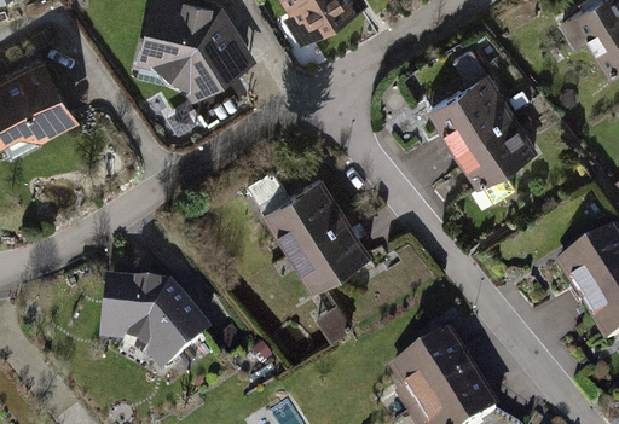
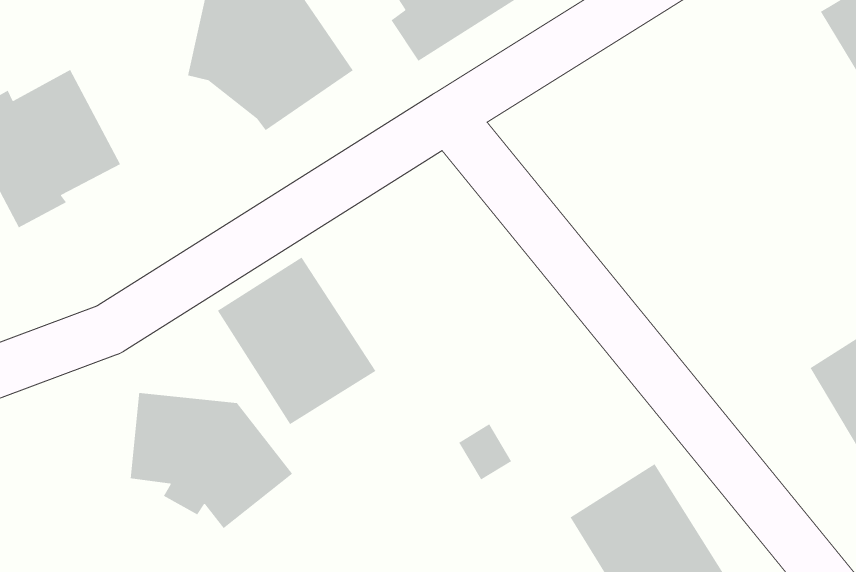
building: [426,50,532,190] -> none
building: [258,180,369,297] -> [217,257,377,425]

